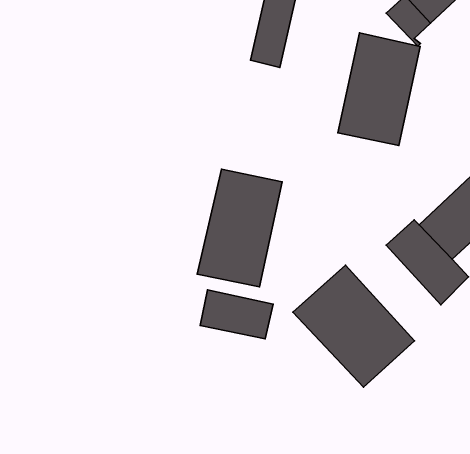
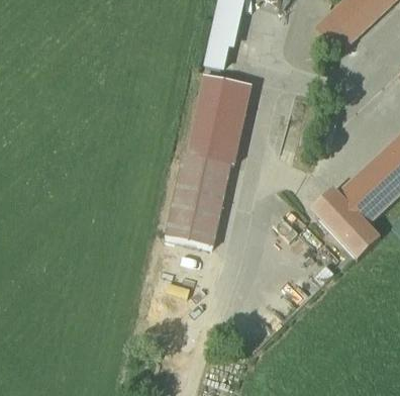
building: [338,33,420,146] -> [183,71,248,161]
building: [293,265,415,387] -> none
building: [200,290,273,339] -> none

